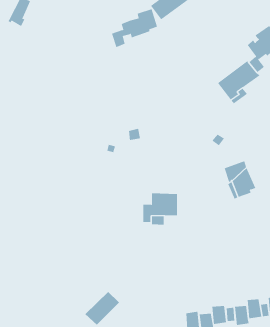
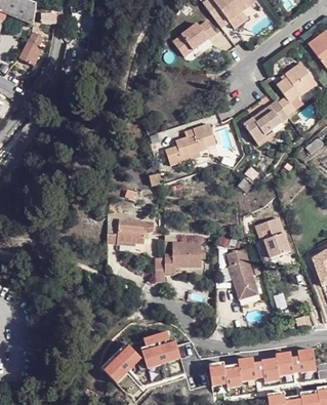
building: [111,9,158,48] -> [166,123,216,165]
building: none -> [107,222,152,244]
building: none -> [228,247,257,297]
building: none -> [142,335,179,369]

